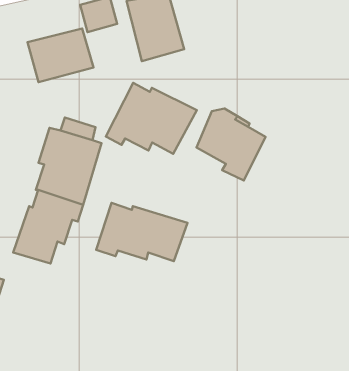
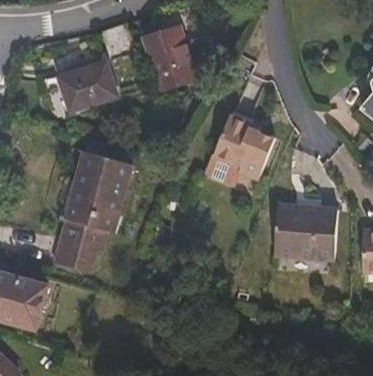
building: [106,83,197,154] -> none
building: [96,203,188,261] -> none
building: none -> [279,208,340,259]

